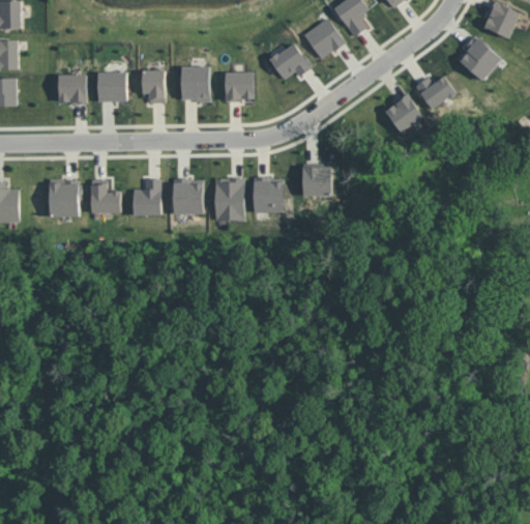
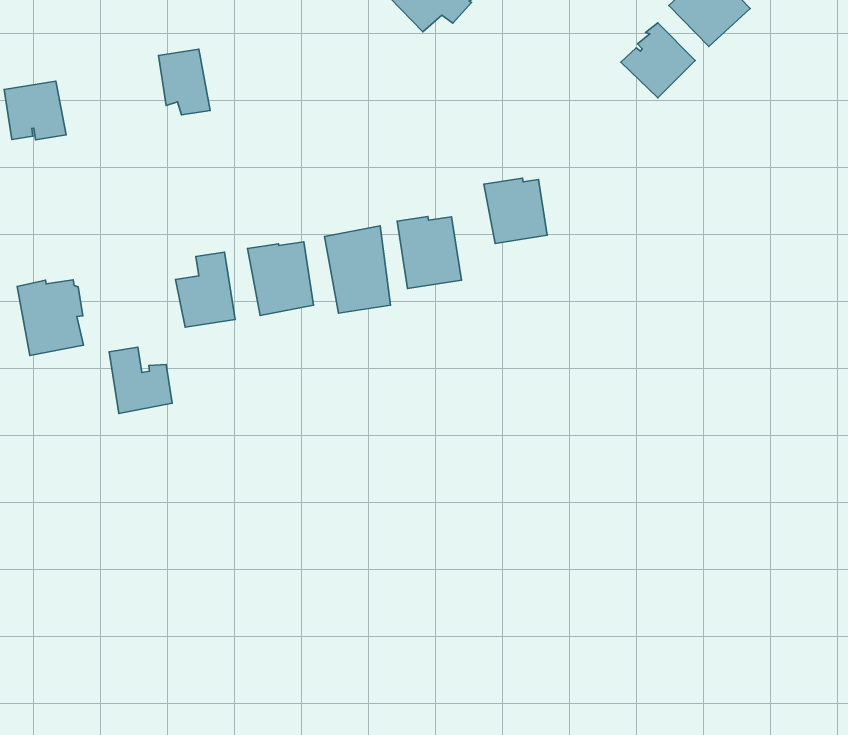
building: [181,66,209,103] -> none
building: [98,72,127,101] -> none
building: [225,72,253,101] -> none
building: [91,180,120,213] -> [109,347,172,413]

